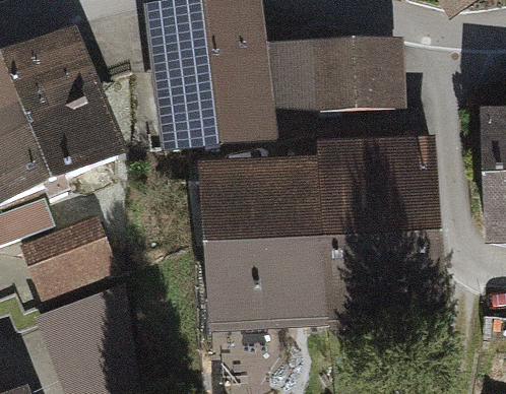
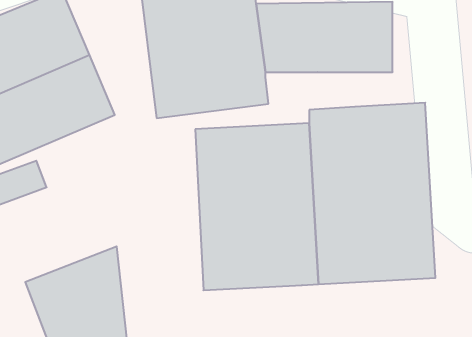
building: [16,213,117,302] -> none

